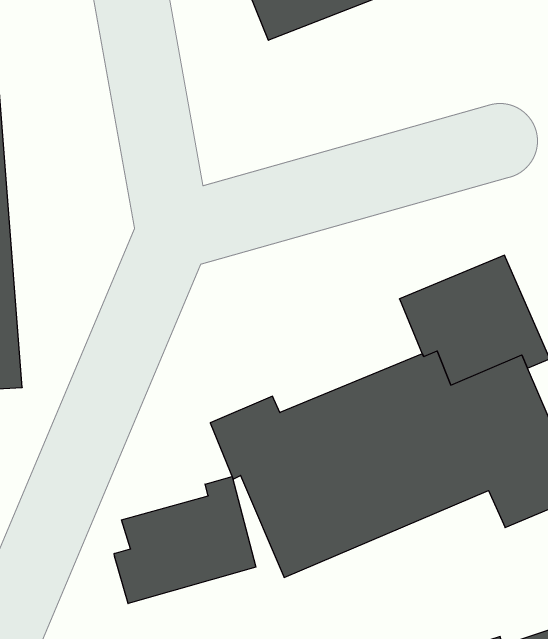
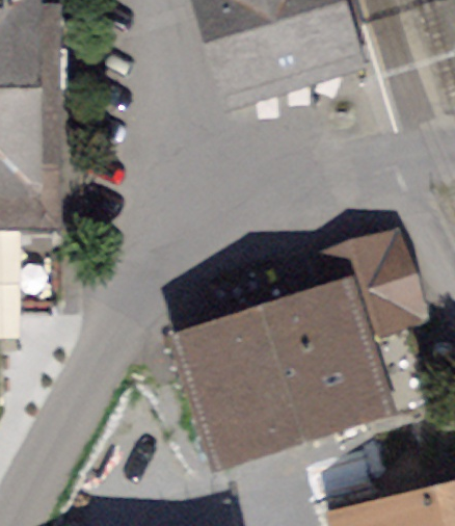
building: [114,477,256,604] -> none

